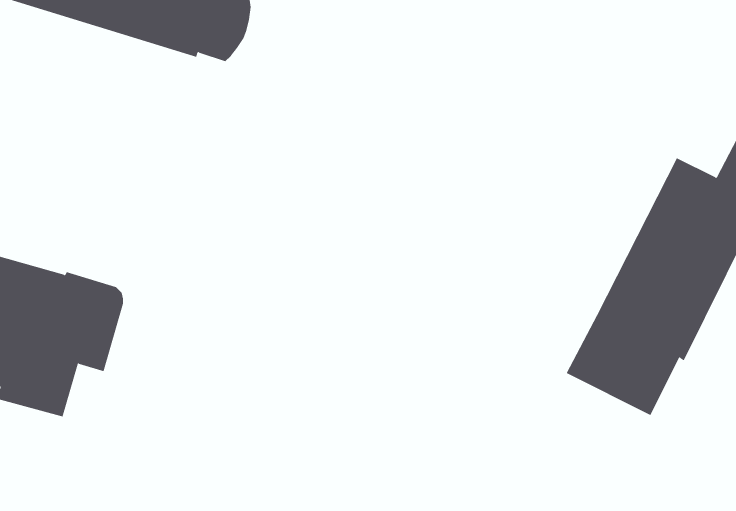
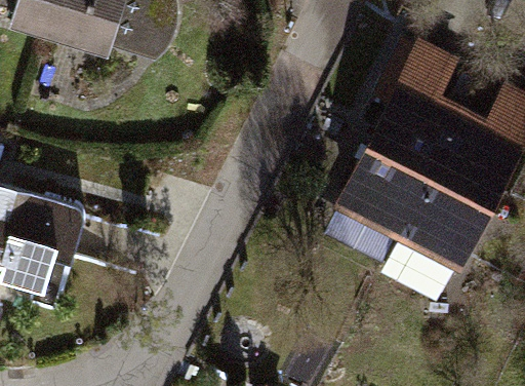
building: none -> [344,44,457,227]

